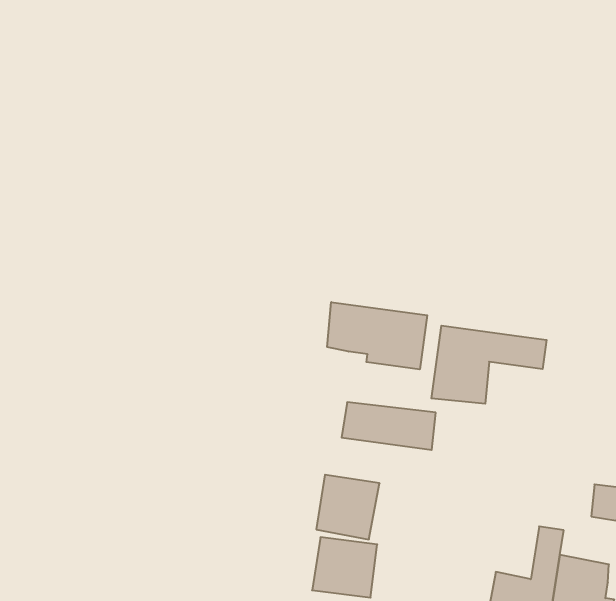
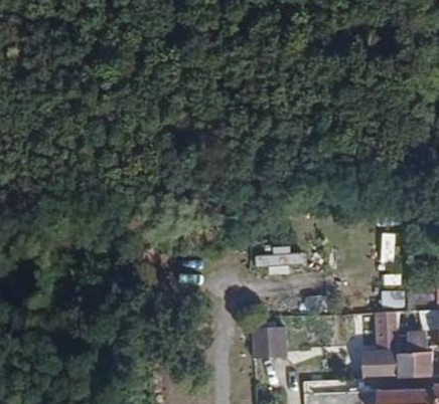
building: [327,302,427,369] -> none
building: [431,326,547,404] -> none

